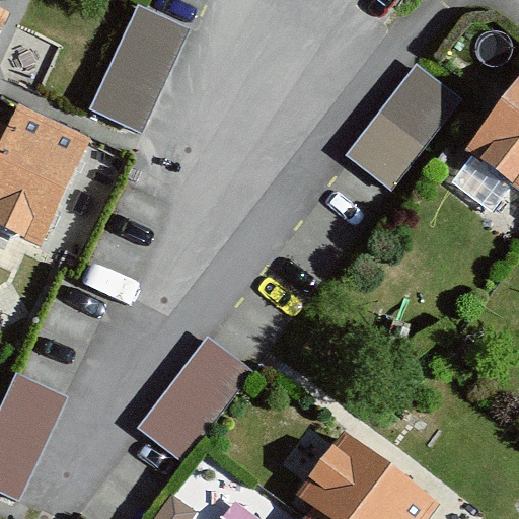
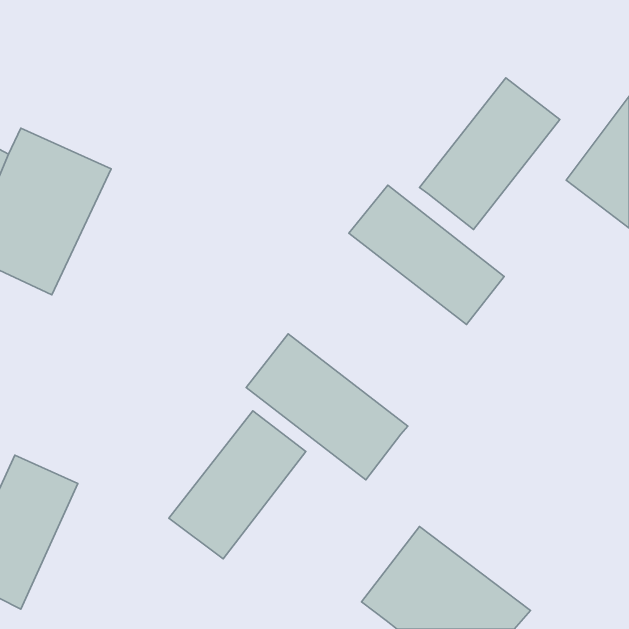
building: [91,7,186,133] -> none
building: none -> [349,185,504,324]
building: none -> [246,334,408,480]

